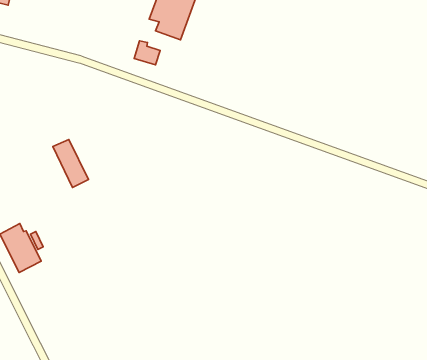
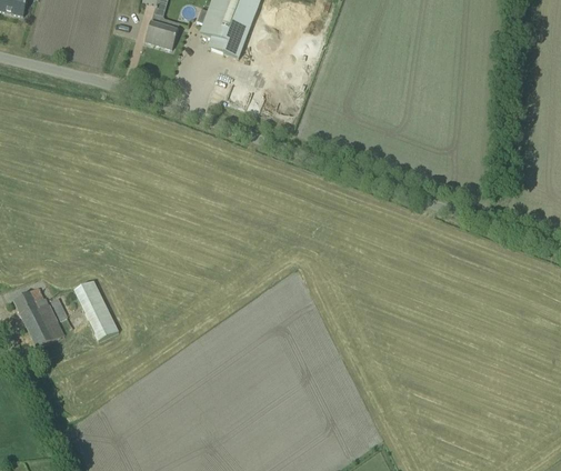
building: [134,41,160,65] -> [144,18,177,48]
building: [53,139,89,188] -> [73,280,118,340]

